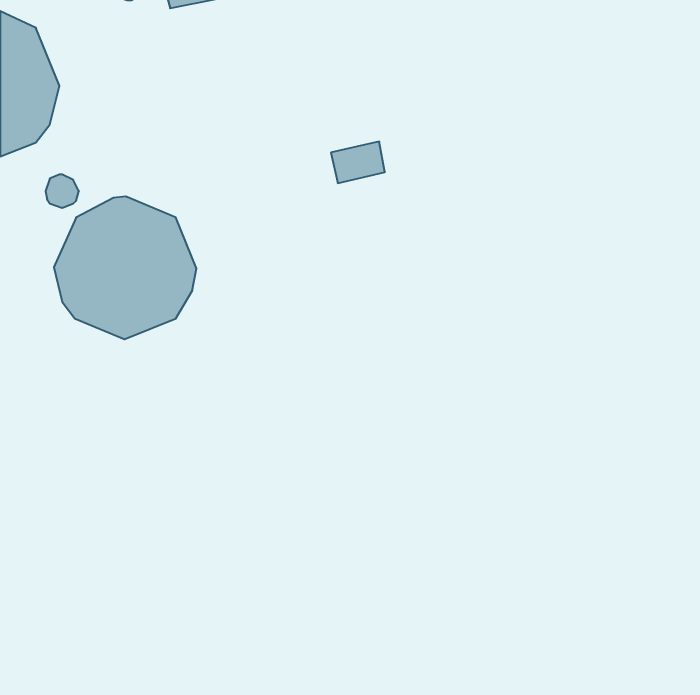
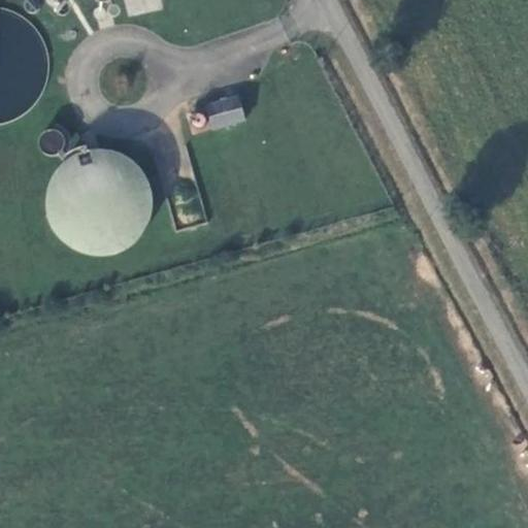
building: [331,142,385,183] -> [198,98,238,129]

